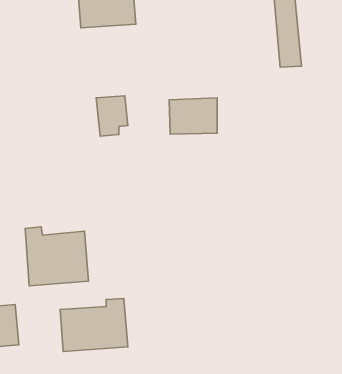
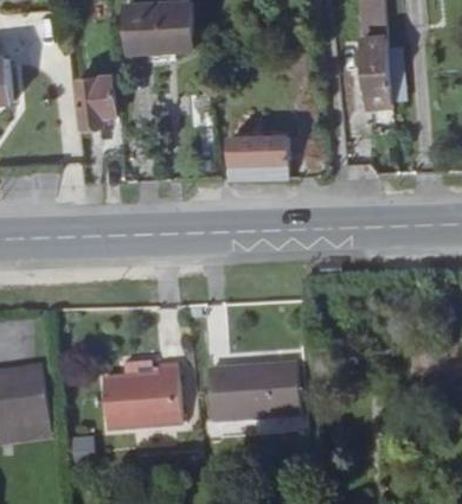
building: [96,96,128,136] -> [76,71,114,120]
building: [25,227,88,286] -> none
building: none -> [206,370,299,427]

